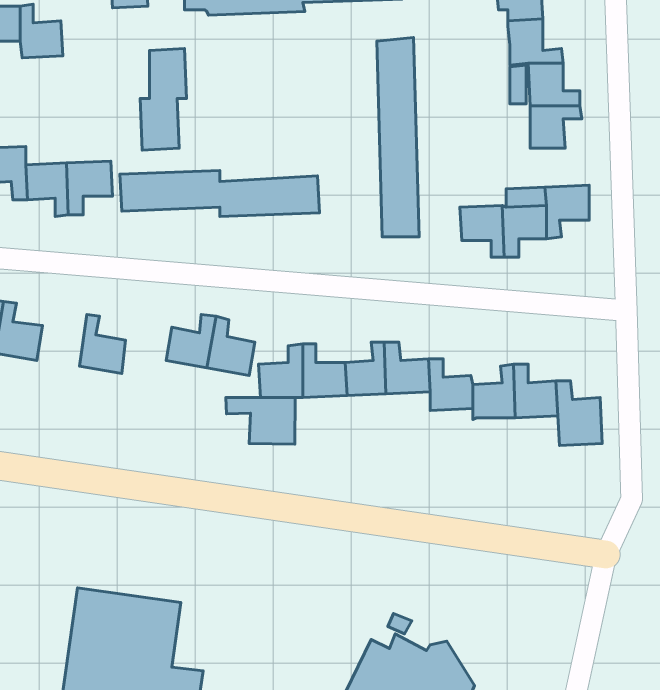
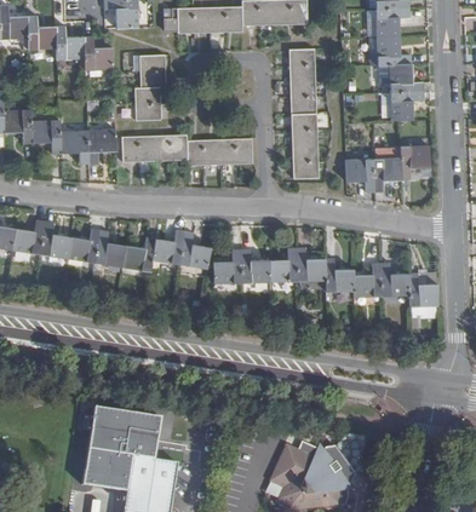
building: none -> [82,36,113,70]
building: none -> [67,228,99,263]
building: none -> [122,236,155,271]
building: [226,397,295,444] -> none

